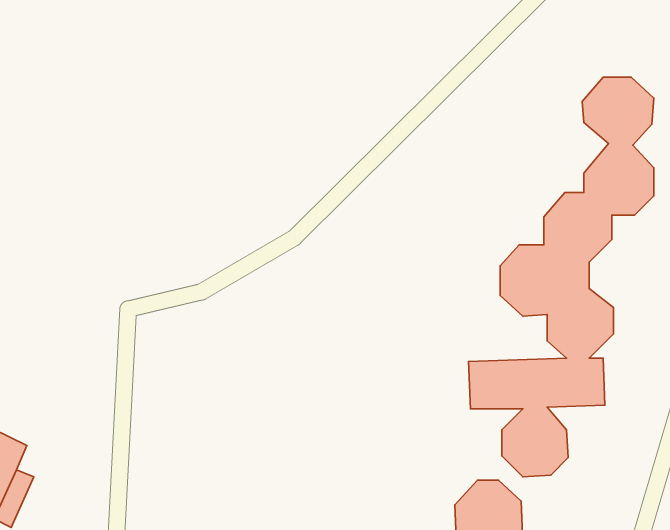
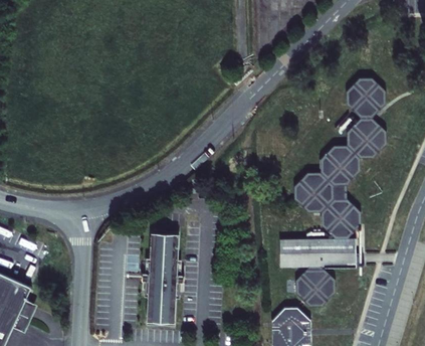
building: none -> [145,230,177,324]

